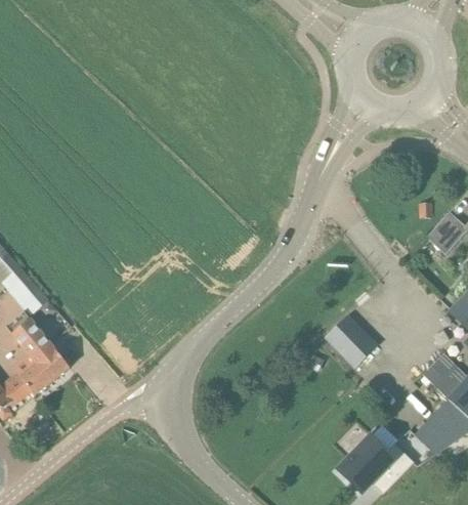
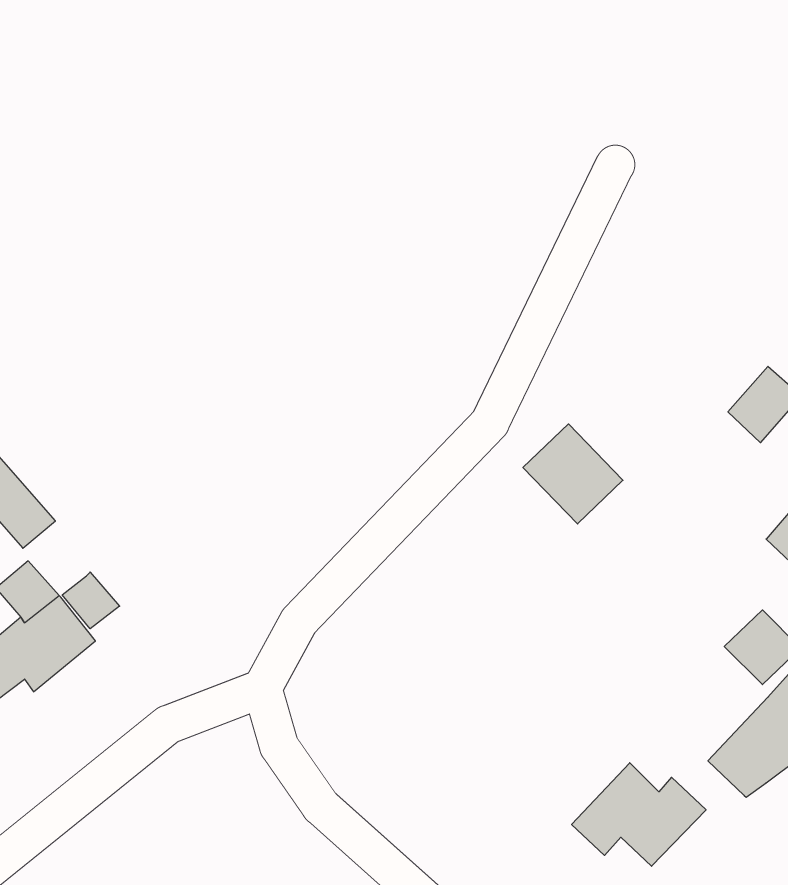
building: [324,308,380,365] -> [523,424,623,524]
building: none -> [62,572,120,629]

